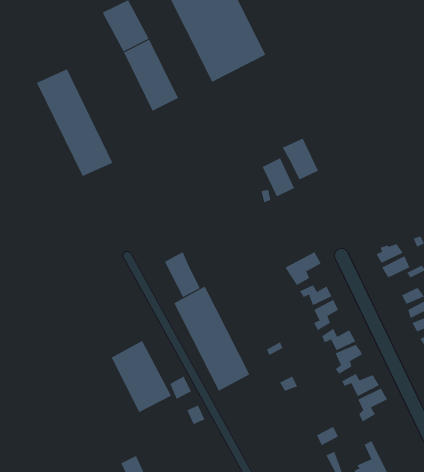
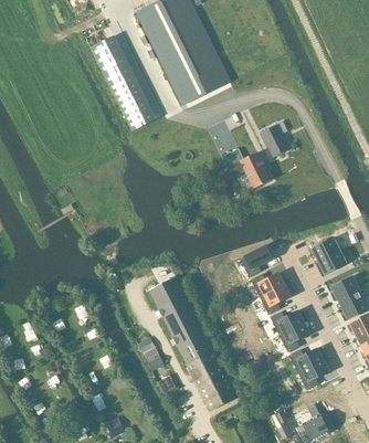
building: [36,69,113,177] -> none
building: [262,158,295,197] -> [261,125,288,158]
building: [164,251,201,298] -> none
building: [111,340,172,413] -> [187,350,238,411]

